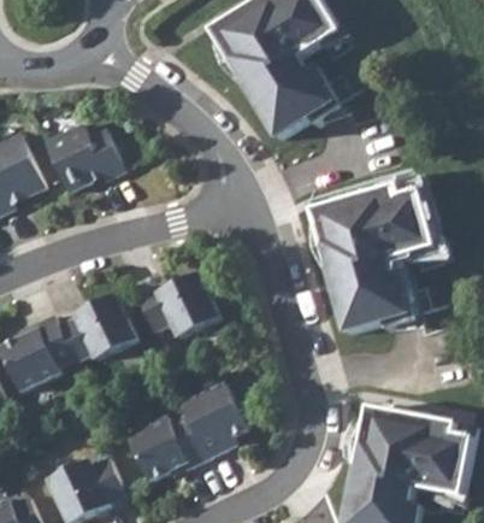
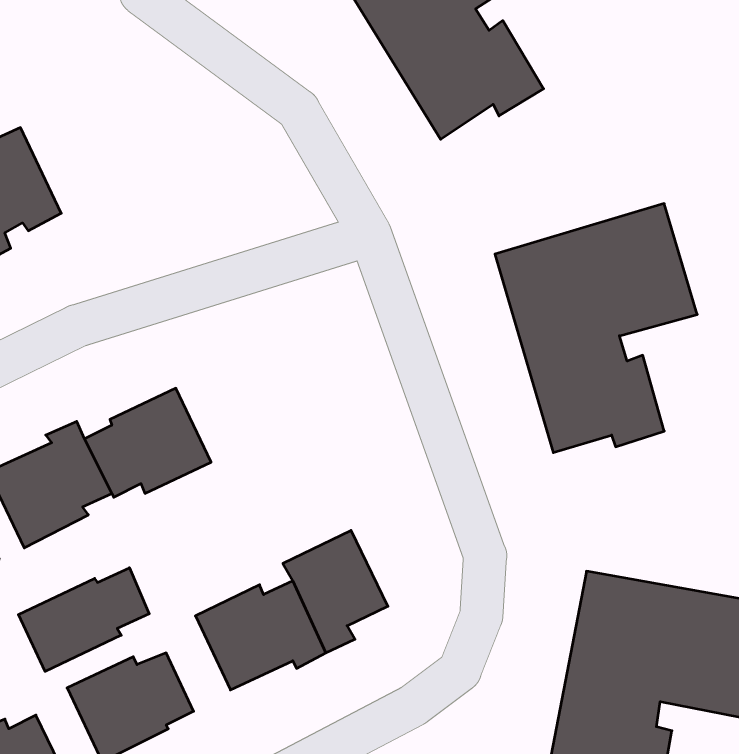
building: [47,111,119,192] -> none
building: [136,272,218,337] -> none
building: none -> [18,568,149,671]

